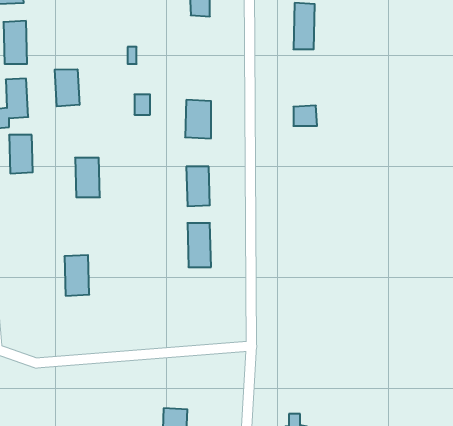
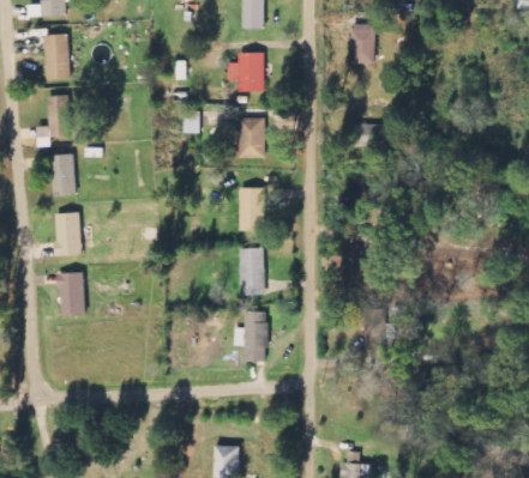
building: none -> [227,52,264,91]
building: [55,69,79,106] -> none
building: [75,158,100,197] -> [54,213,80,255]
building: [64,255,89,296] -> [58,272,84,315]
building: none -> [234,311,266,361]

